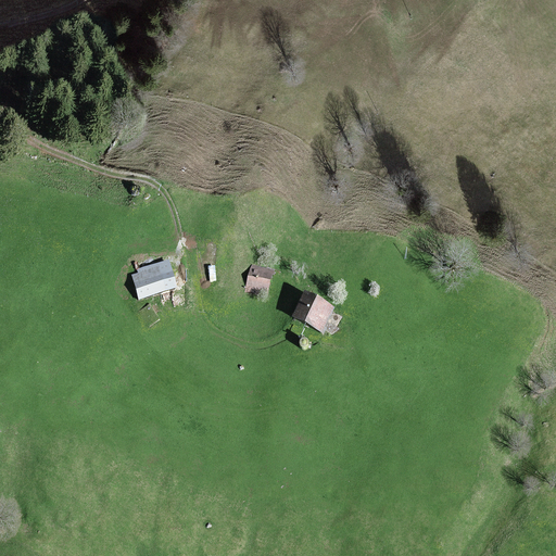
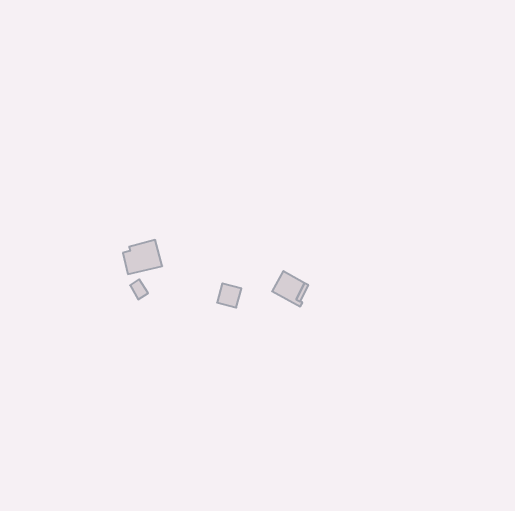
building: [245,266,271,292] -> [217,283,241,308]

